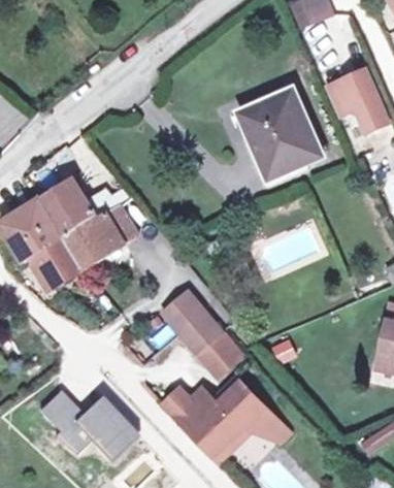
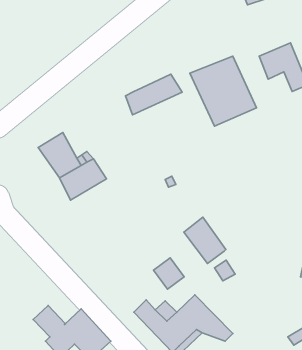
building: none -> [125,74,182,115]
building: [7,199,89,286] -> none
building: [163,295,216,353] -> [184,217,226,263]

